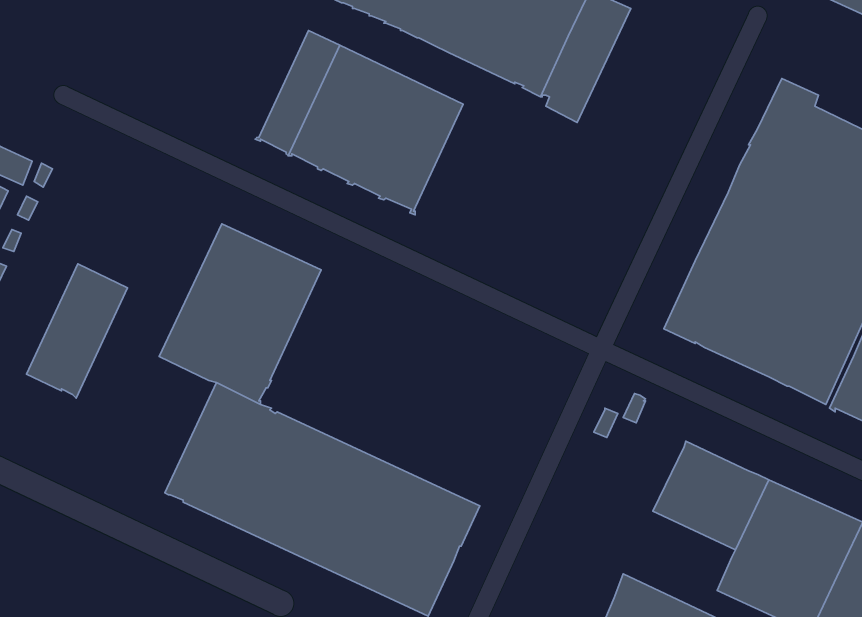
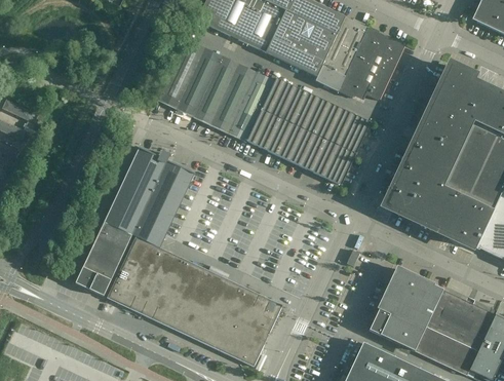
building: none -> [337,27,403,100]
building: none -> [246,77,369,184]
building: [26,264,128,398] -> [75,221,131,296]
building: none -> [369,307,425,351]

